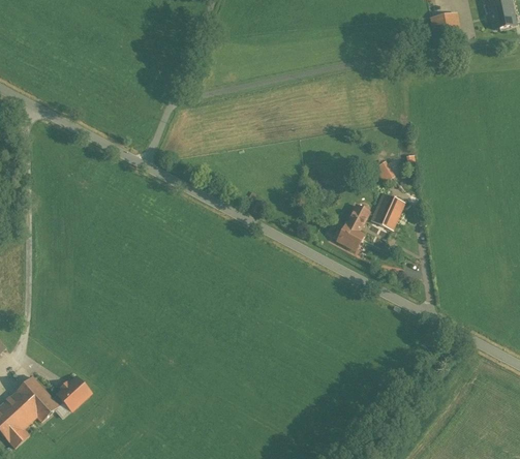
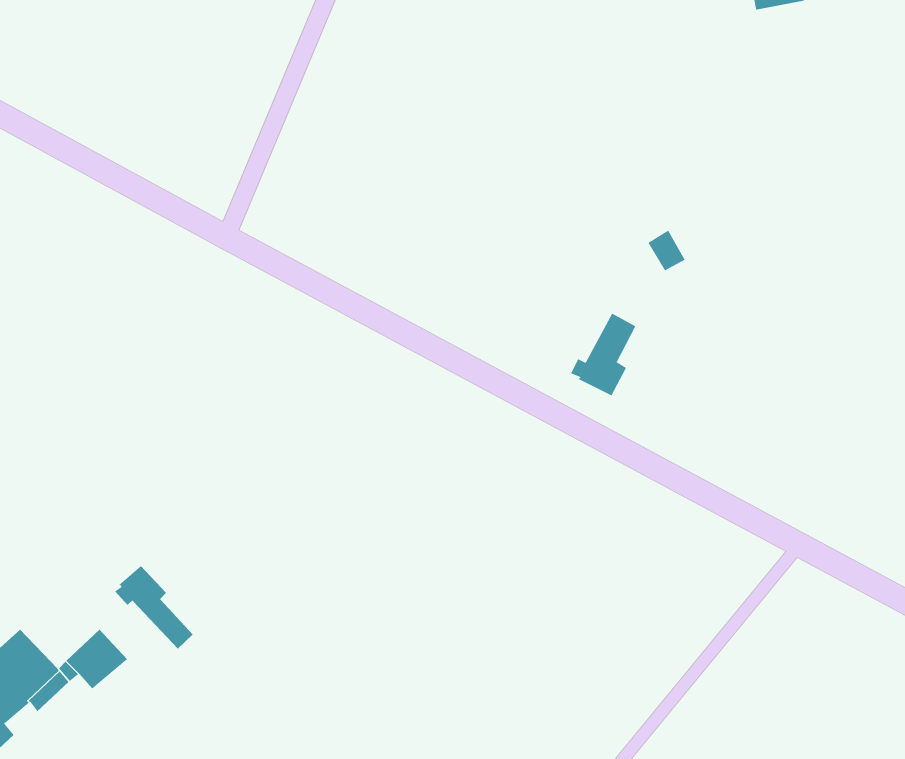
building: [371,191,405,228] -> none
building: none -> [114,565,194,649]

